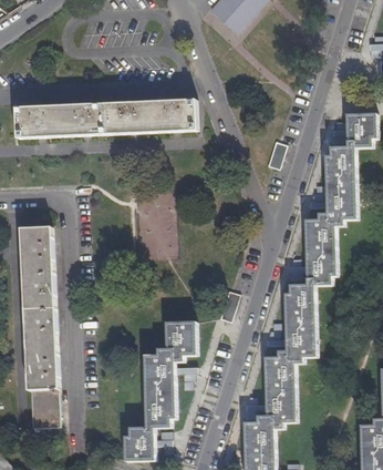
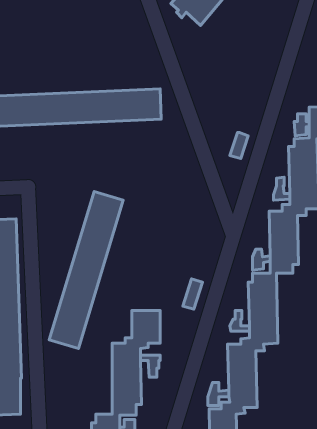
building: none -> [49,192,123,349]

